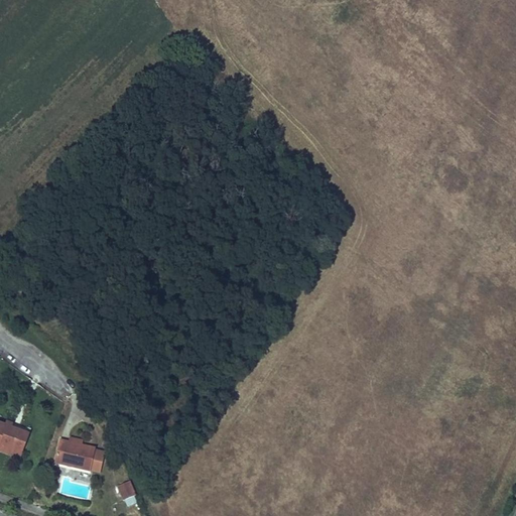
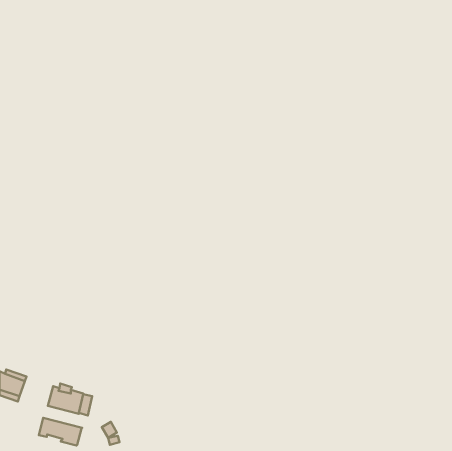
building: none -> [39,418,82,445]

